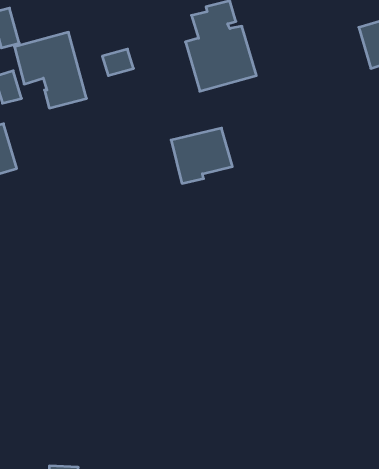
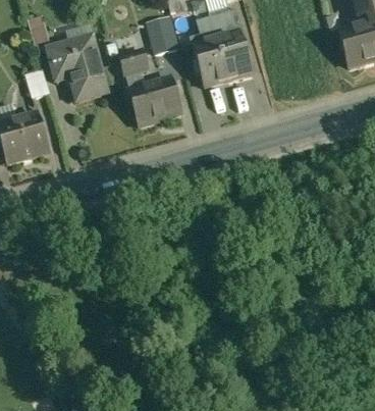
building: none -> [147,16,179,54]
building: [171,128,232,183] -> [129,79,181,125]

